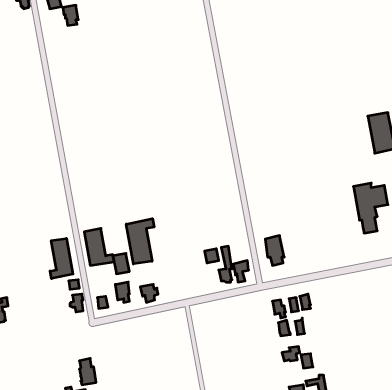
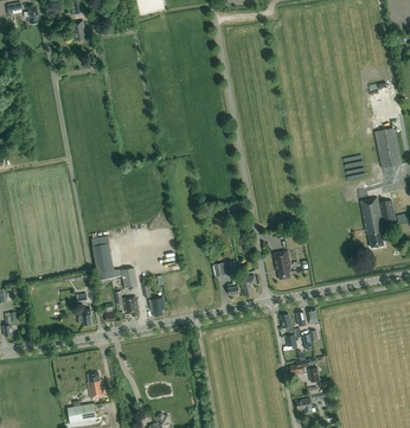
building: [126,219,154,264] -> none
building: [50,238,73,279] -> none

